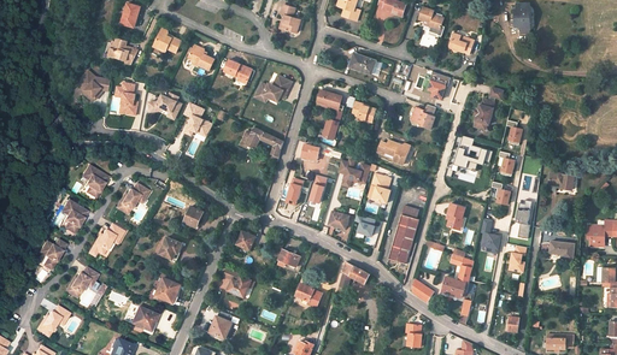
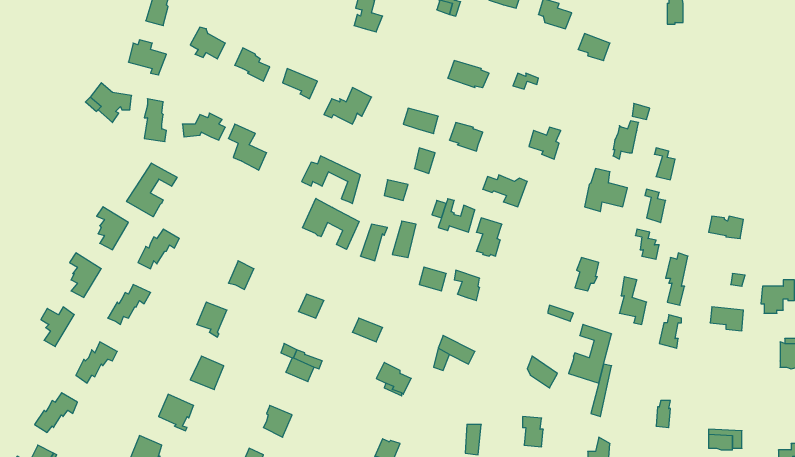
building: none -> [127,163,177,217]
building: none -> [302,198,359,249]
building: [388,205,418,264] -> none

